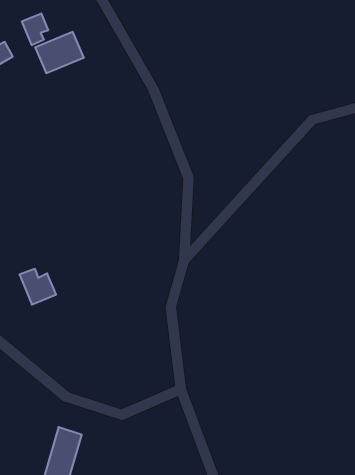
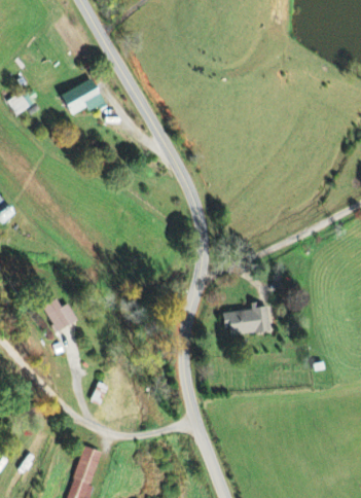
building: [22,13,48,45] -> none
building: none -> [224,304,273,335]

